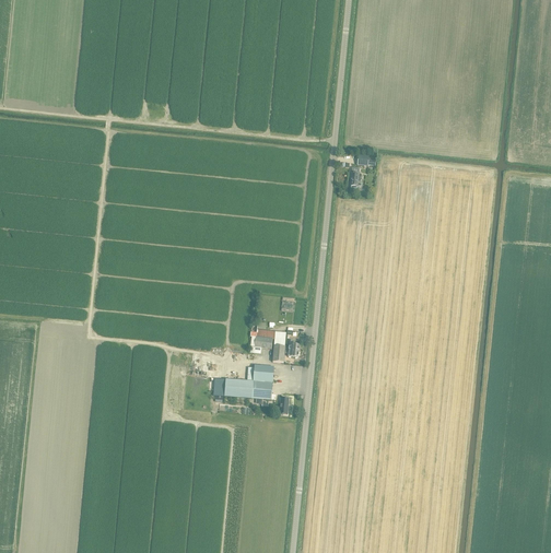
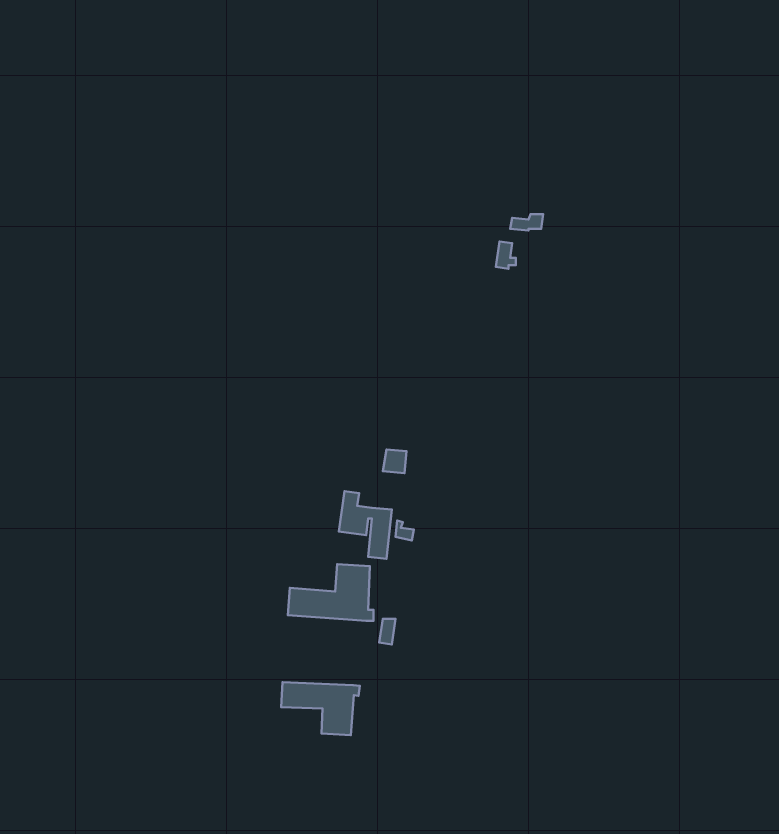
building: none -> [281,682,360,735]

